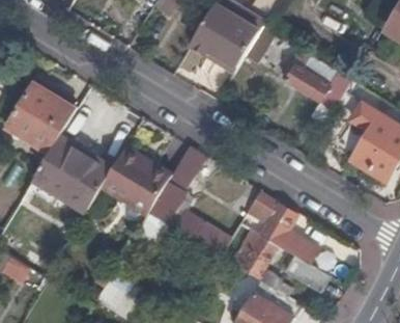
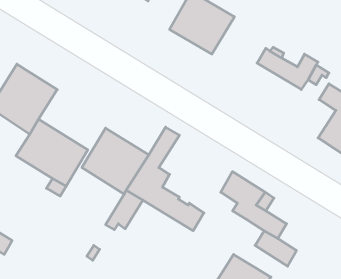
building: [229,231,288,296] -> none

